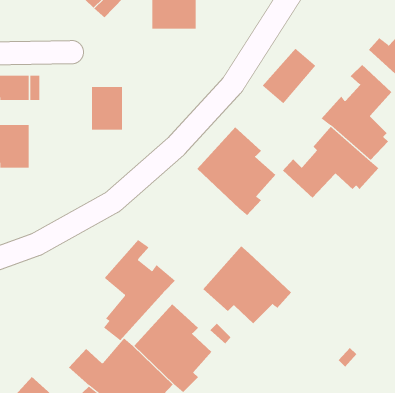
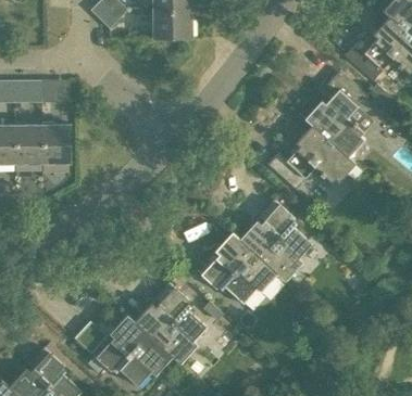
building: [262,48,316,104] -> none
building: [91,87,123,130] -> [42,125,71,164]
building: [196,127,276,216] -> [240,202,312,282]
building: [103,239,176,341] -> none

